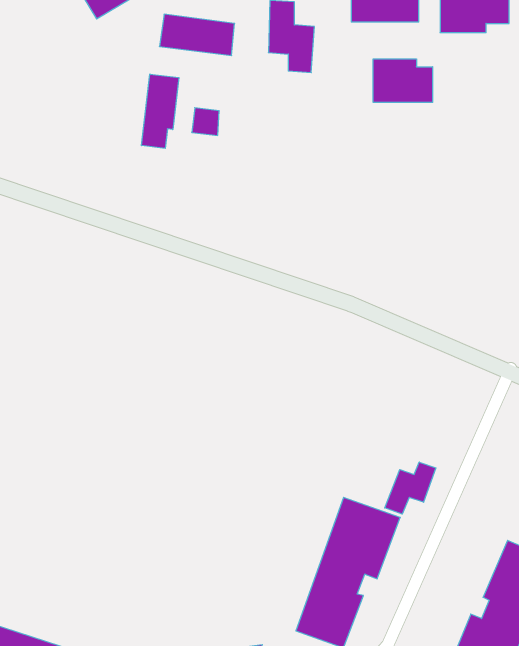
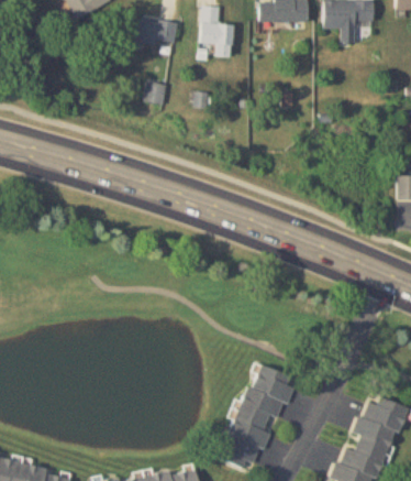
building: [373,59,433,102] -> none
building: [141,74,179,148] -> none
building: [385,462,436,514] -> none

